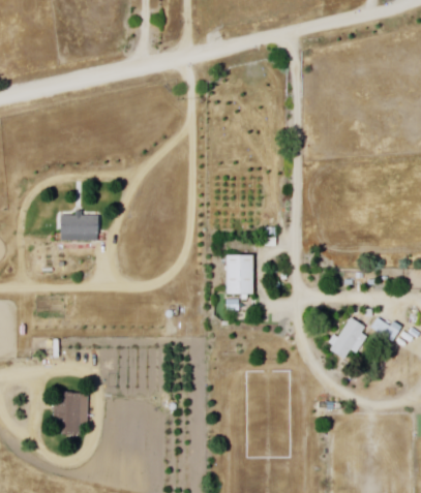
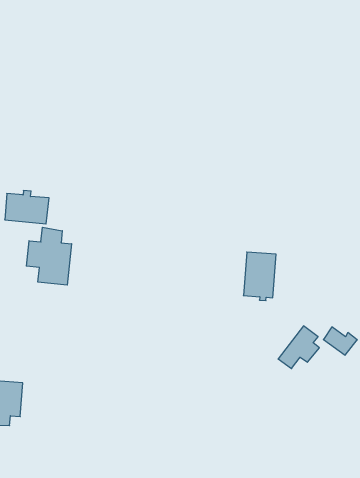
building: none -> [26,227,72,285]
building: [225,254,253,299] -> [243,252,276,301]

